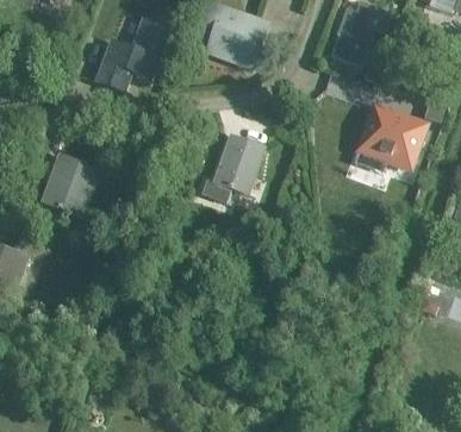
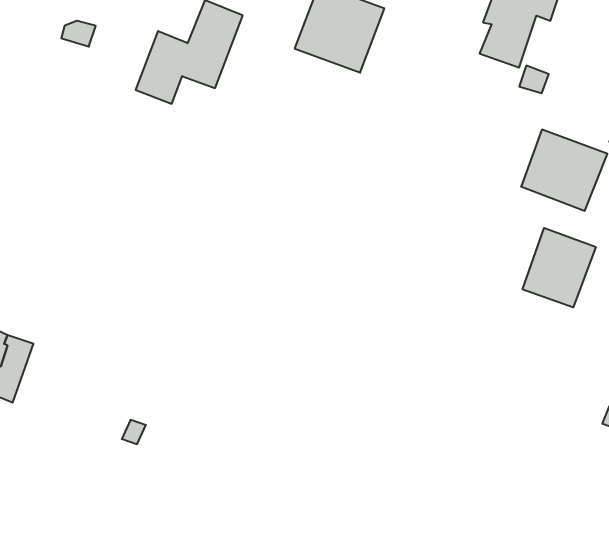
building: [210,137,262,198] -> none
building: [41,157,98,217] -> none
building: none -> [523,228,596,307]

